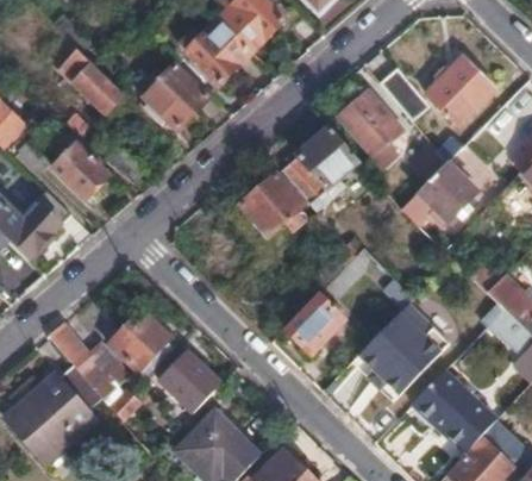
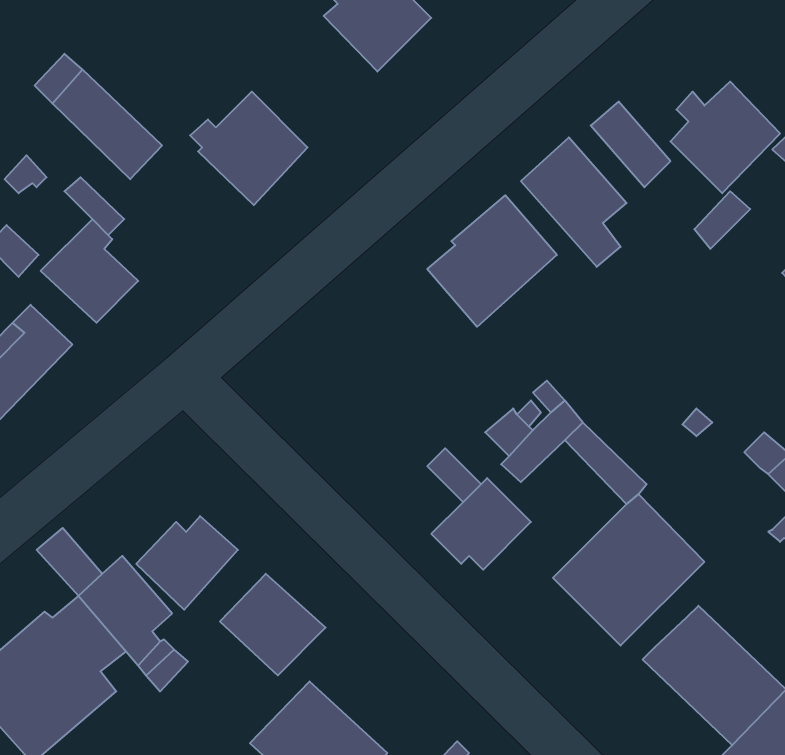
building: [179,17,252,85] -> none
building: [400,161,476,220] -> none
building: [242,170,306,232] -> none

